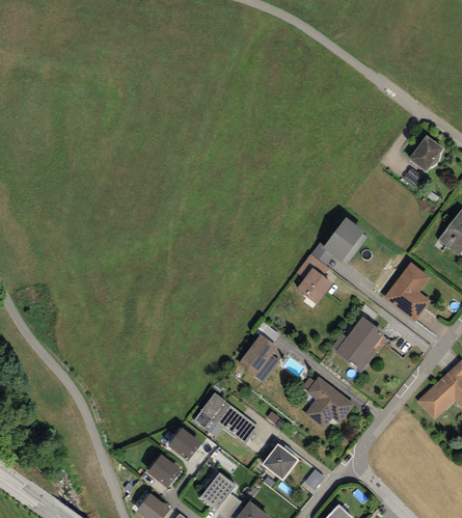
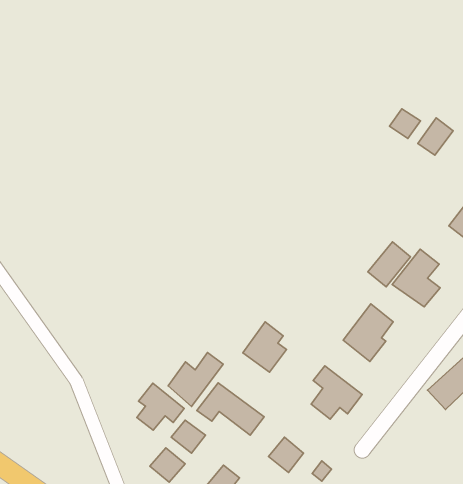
building: none -> [390,109,420,138]
building: [323,218,364,262] -> [368,242,411,287]
building: [296,268,332,304] -> none
building: none -> [168,353,223,406]
building: none -> [137,383,184,430]

